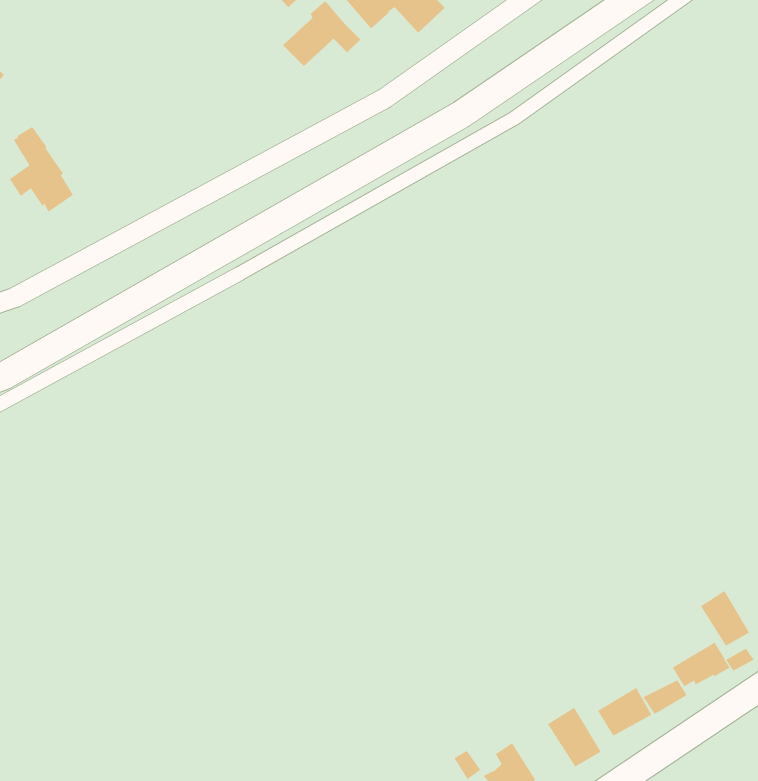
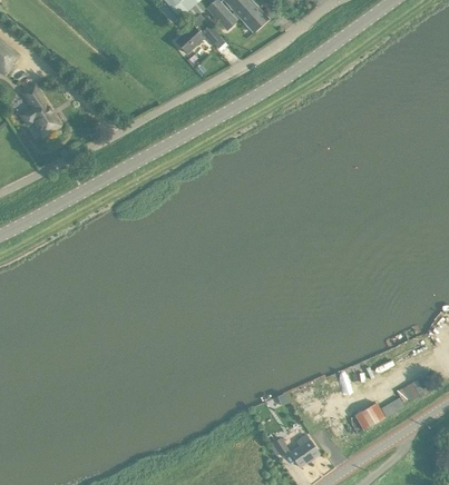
building: [700,590,750,647] -> none
building: [547,707,601,767] -> none

